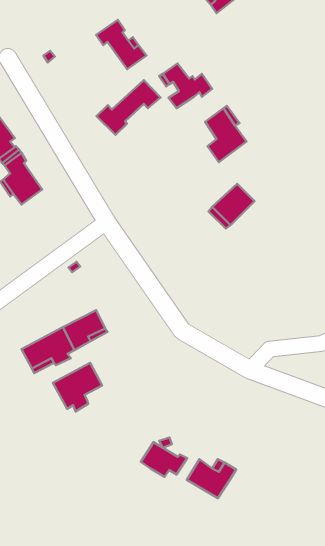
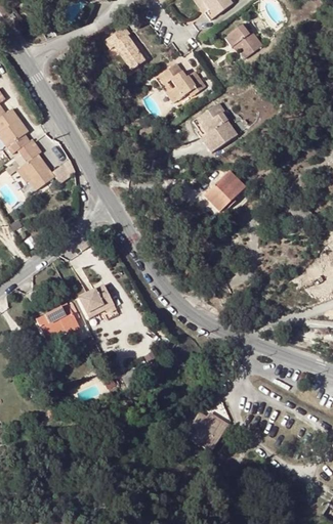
building: none -> [224,23,262,57]
building: [96,80,161,135] -> none
building: [53,363,102,412] -> none
building: [141,442,187,477] -> none

